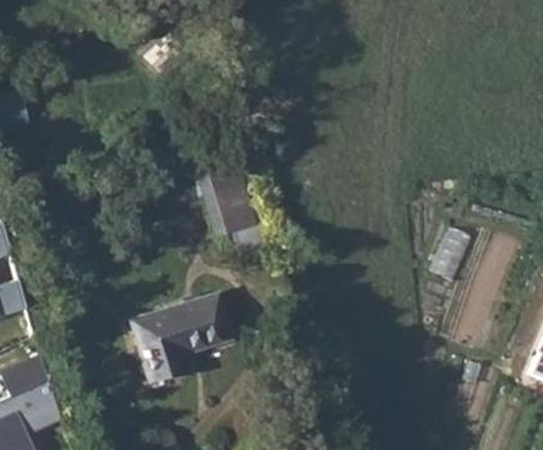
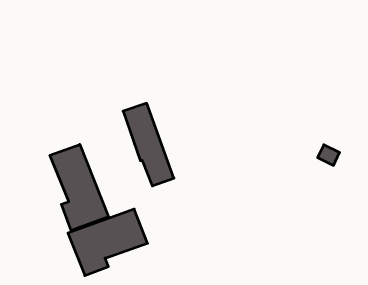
building: none -> [50,144,109,230]

